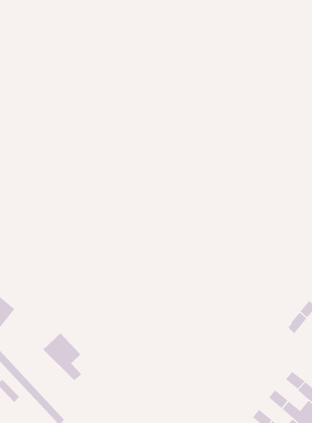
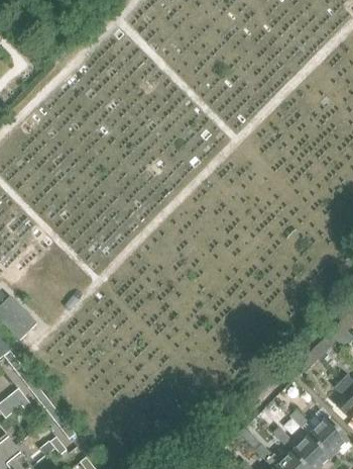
building: [43,332,82,381] -> none

